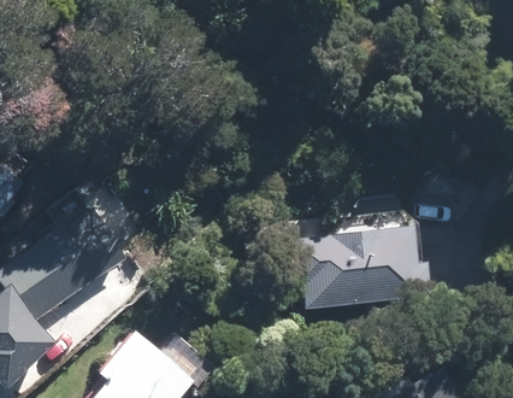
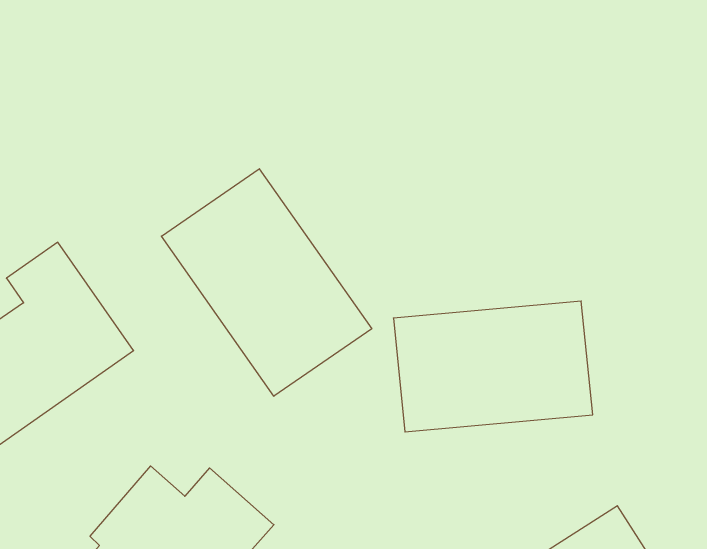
building: none -> [161,169,372,396]

